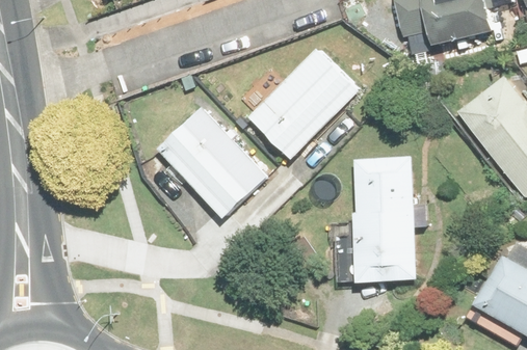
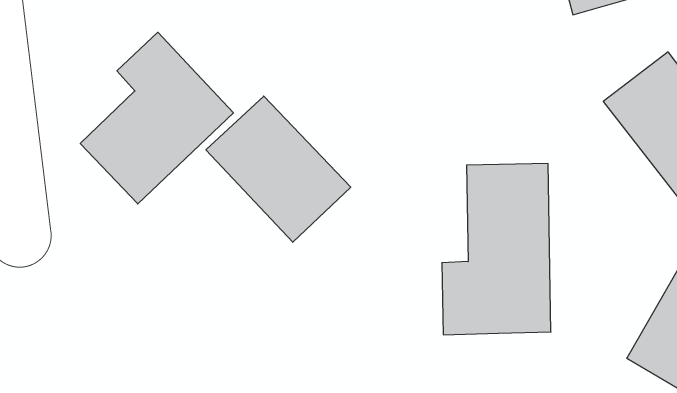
building: [244,48,359,158] -> none
building: none -> [80,32,233,204]

